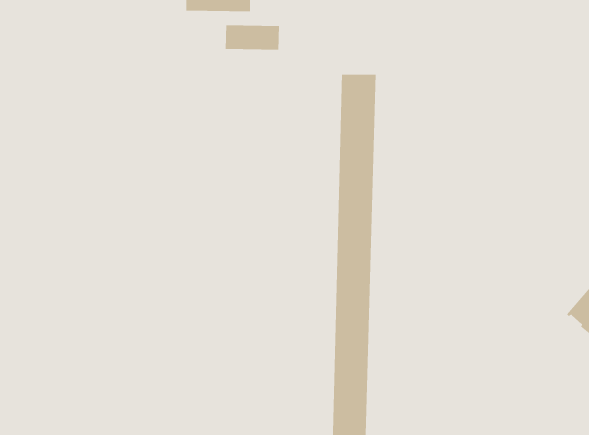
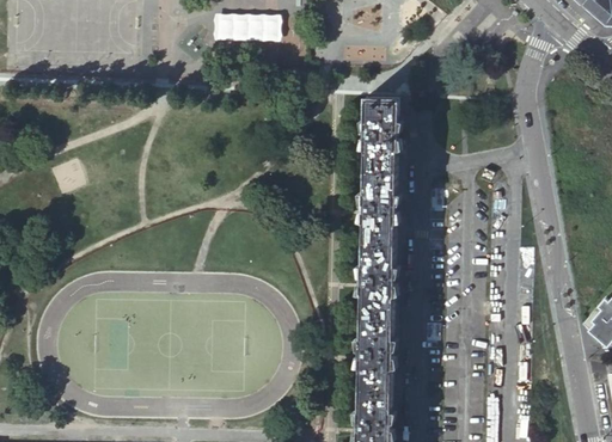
building: [225,24,280,50] -> none

